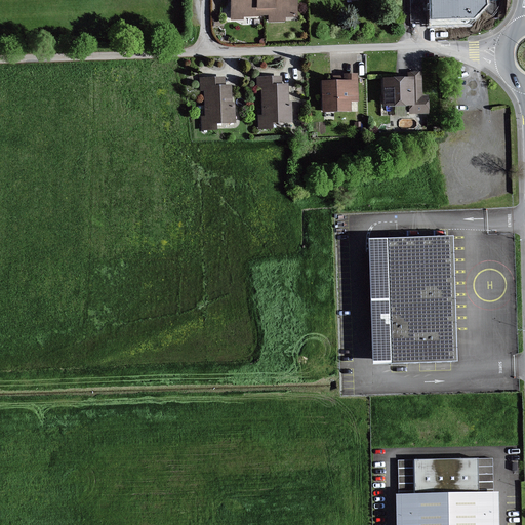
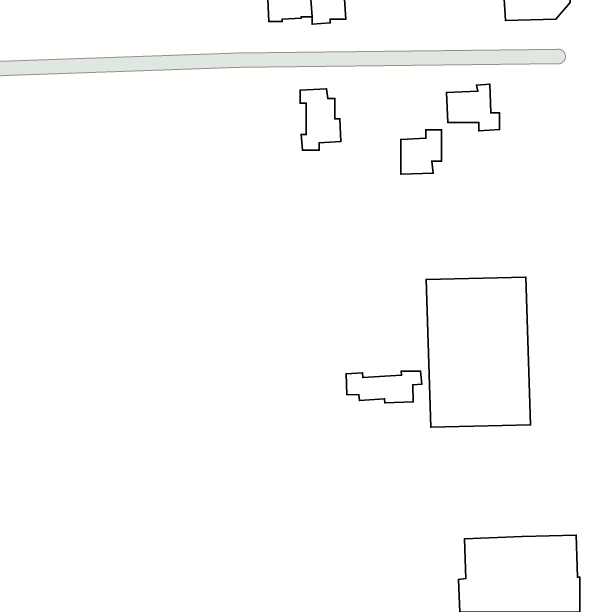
building: [323,74,358,112] -> [401,130,442,174]
building: [202,77,236,129] -> none
building: none -> [346,371,422,403]

